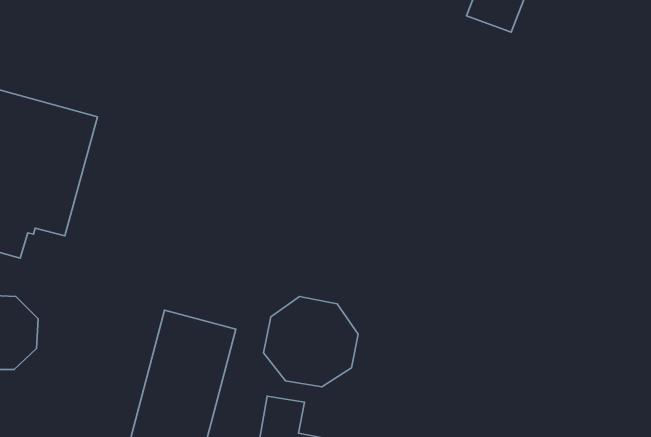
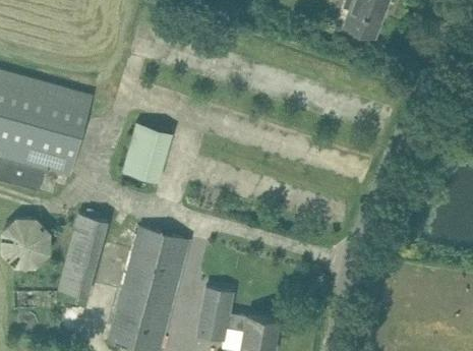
building: none -> [123,123,173,181]
building: none -> [58,215,108,299]
building: [264,296,358,387] -> none

